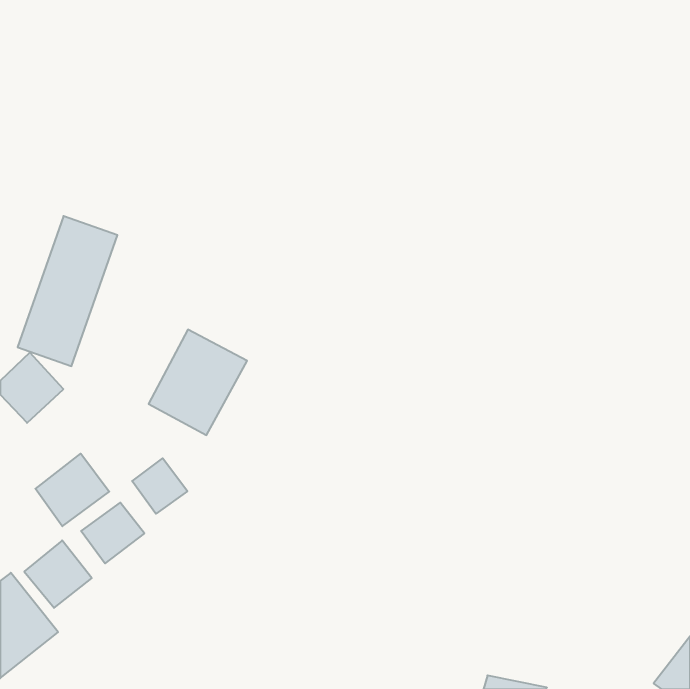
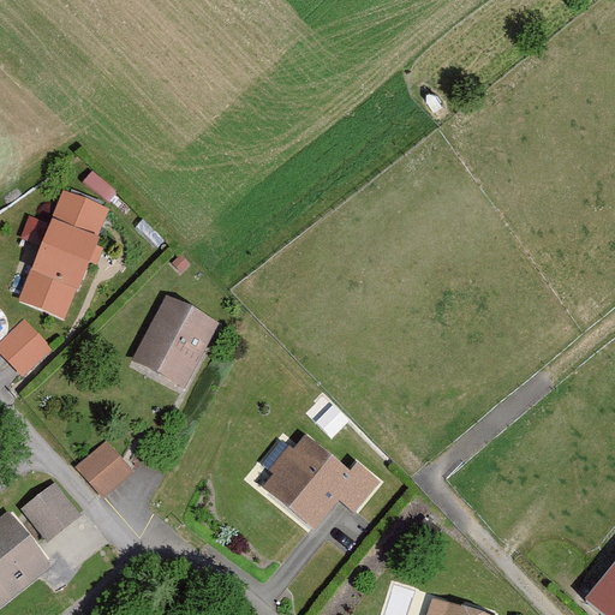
building: [35,454,109,526] -> none
building: [132,458,187,514] -> none
building: none -> [263,434,382,530]

